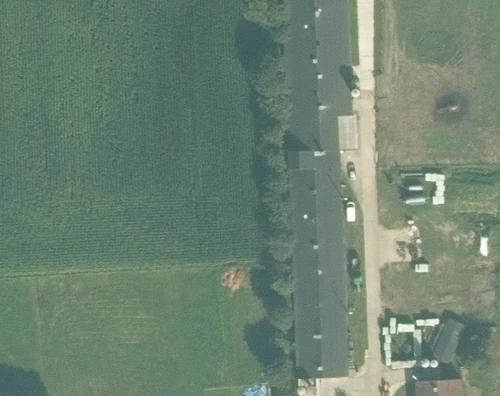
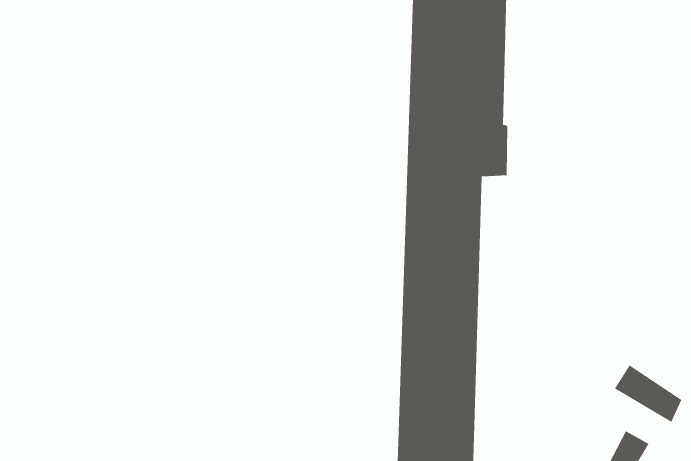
building: none -> [614,364,682,423]

